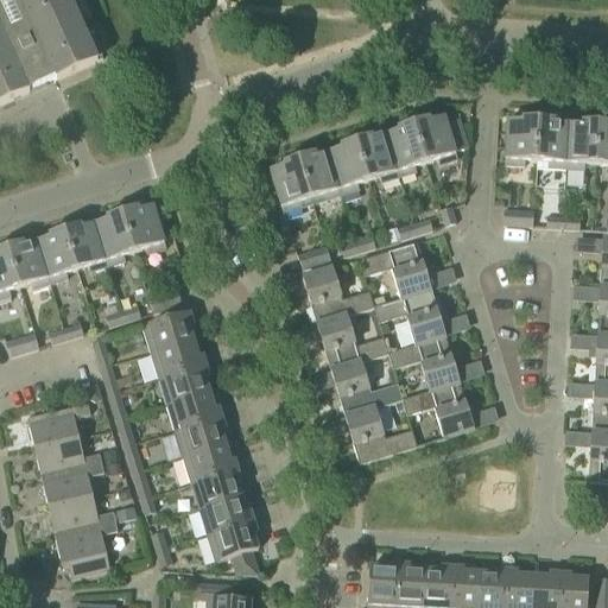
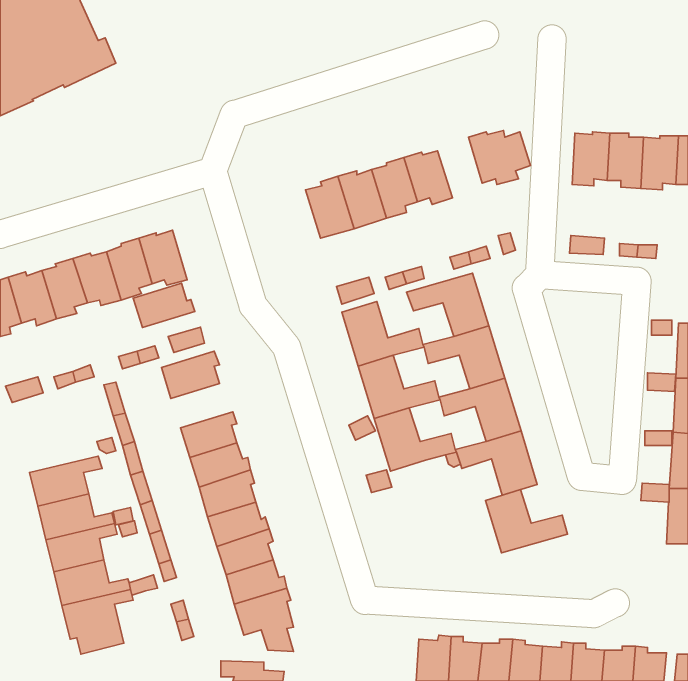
building: [386,121,425,175] -> none
building: [151,338,205,378] -> [133,283,195,328]
building: [344,406,417,462] -> [485,490,568,553]

